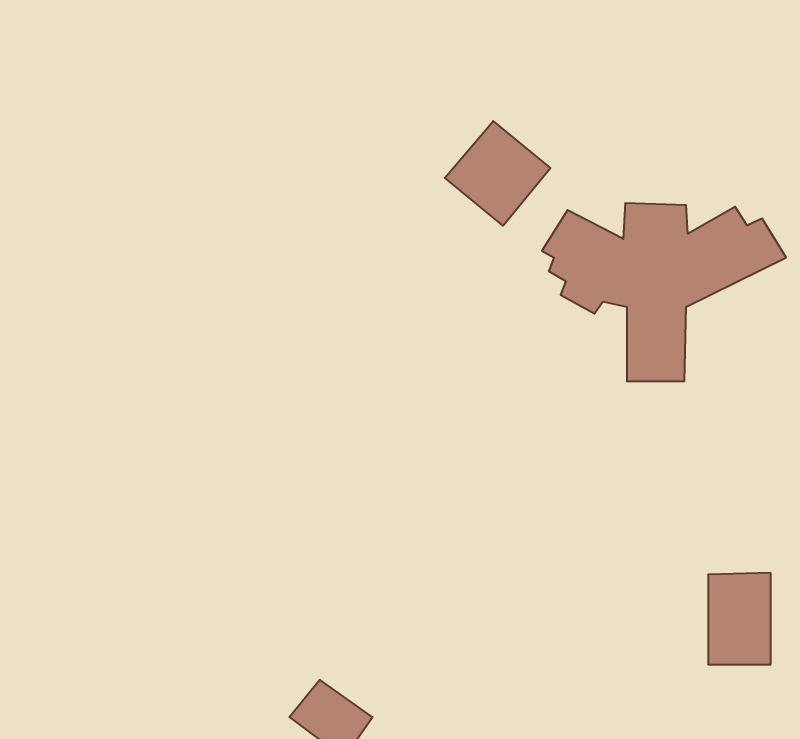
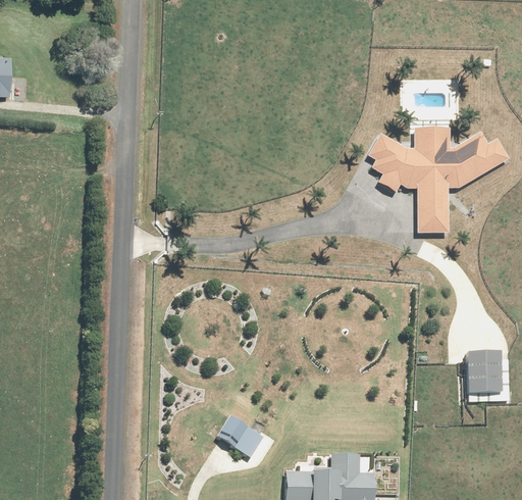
building: [445,121,550,226] -> none

